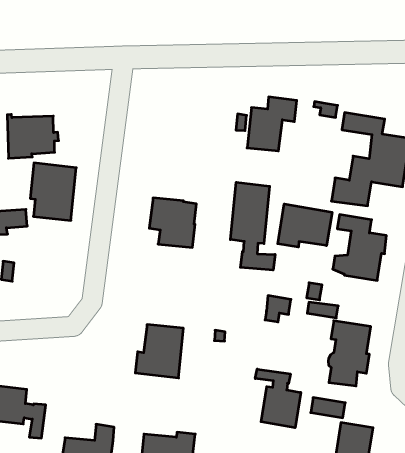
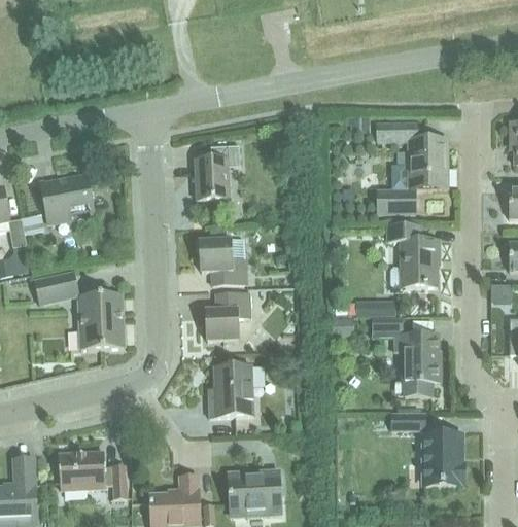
building: [247,97,297,151] -> [194,144,239,200]
building: [30,163,76,220] -> [77,292,124,348]
building: [230,182,275,270] -> none
building: [278,204,332,247] -> none
building: none -> [205,291,251,339]
building: [255,369,301,428] -> none

